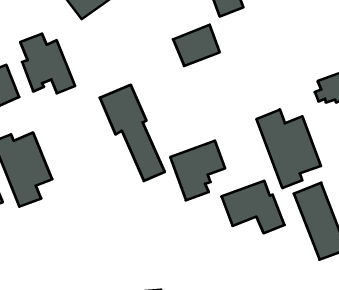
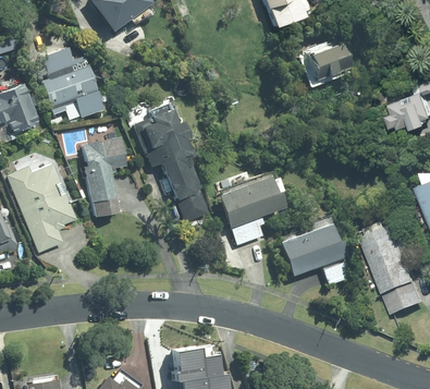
building: [173,25,220,66] -> [297,38,353,87]
building: none -> [79,136,124,217]
building: [257,109,321,188] -> none

